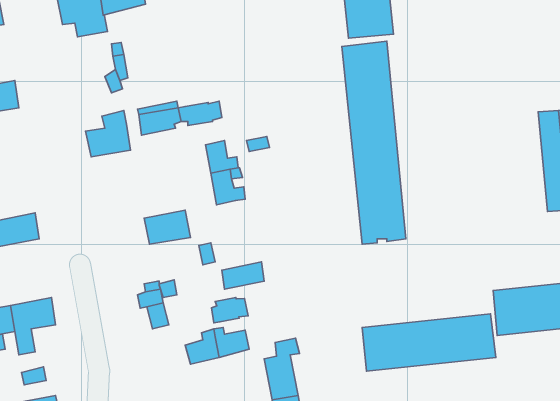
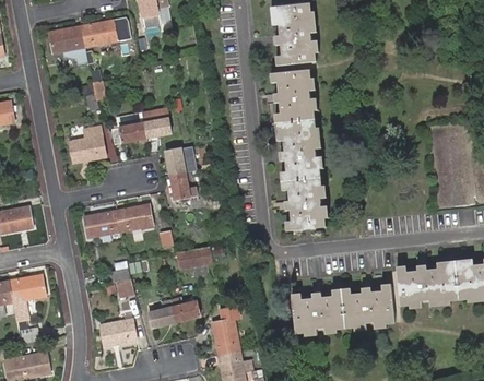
building: none -> [84,211,120,238]
building: [211,297,248,323] -> none
building: none -> [99,319,137,346]

